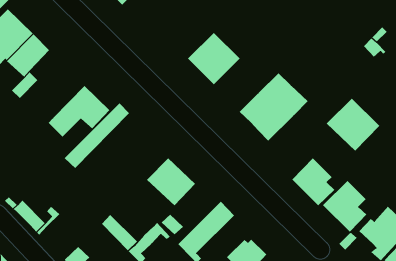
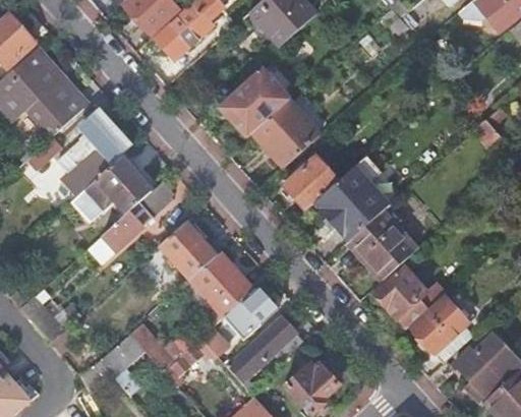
building: none -> [227,70,288,136]
building: none -> [58,107,133,195]
building: none -> [284,155,339,210]
building: [326,98,380,152] -> [348,212,416,280]
building: none -> [160,222,217,279]
building: none -> [225,283,282,339]
building: none -> [101,333,144,374]

